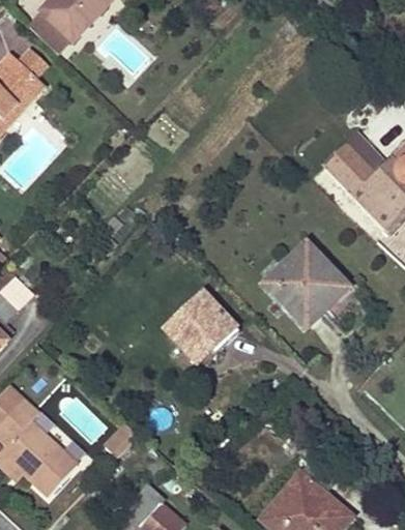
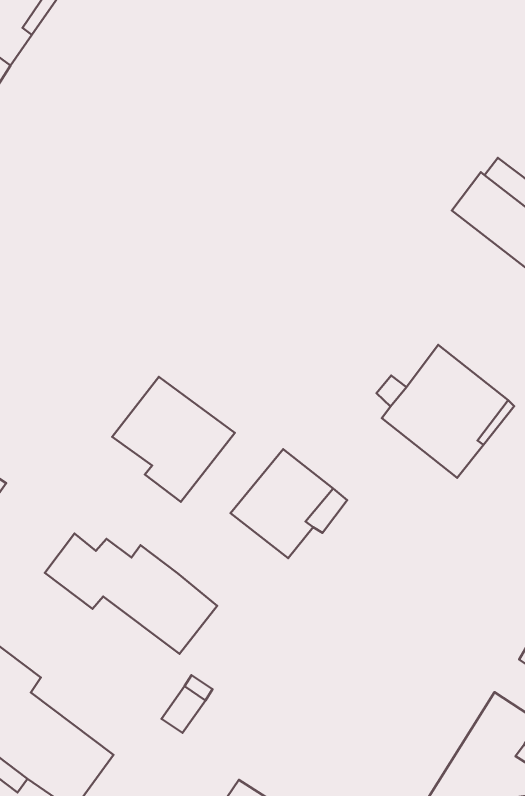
building: none -> [112,377,235,502]
building: none -> [45,533,217,654]

